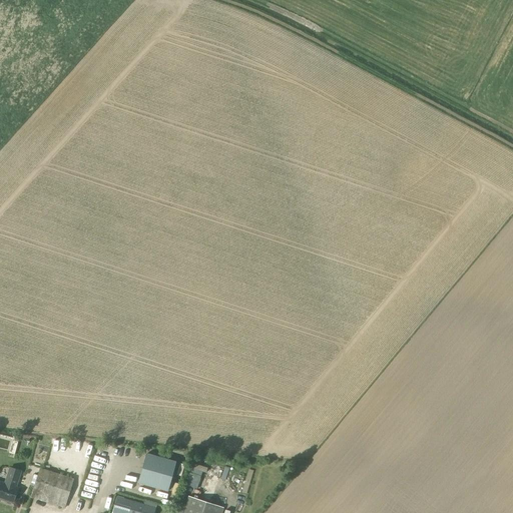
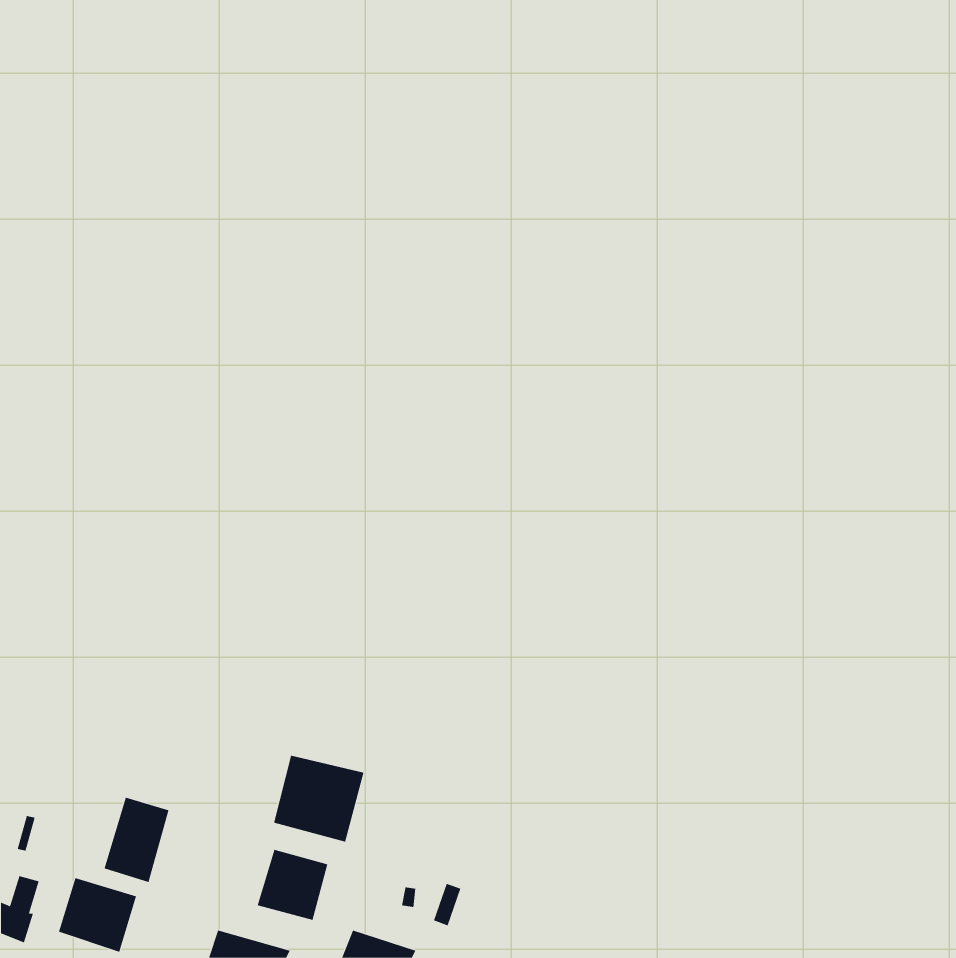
building: none -> [273,755,364,843]
building: none -> [104,797,169,883]

